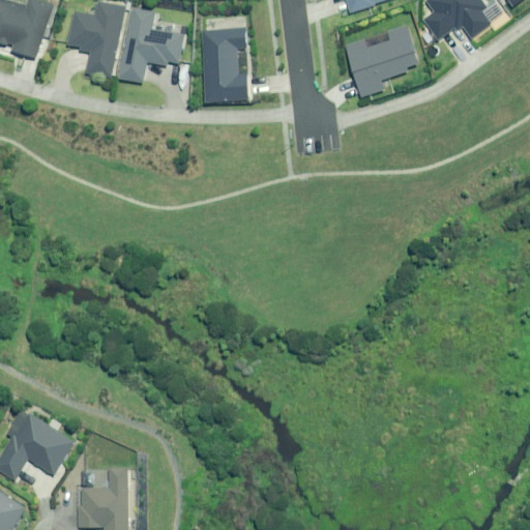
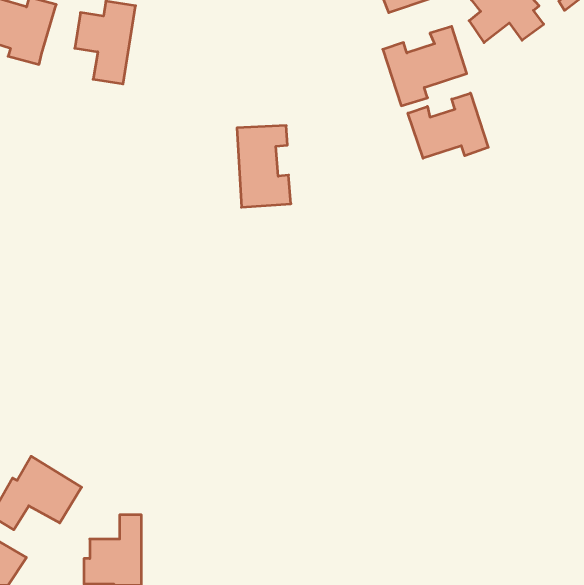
building: [119,8,183,82] -> none
building: [202,28,251,101] -> [237,126,291,207]
building: none -> [408,93,488,158]

